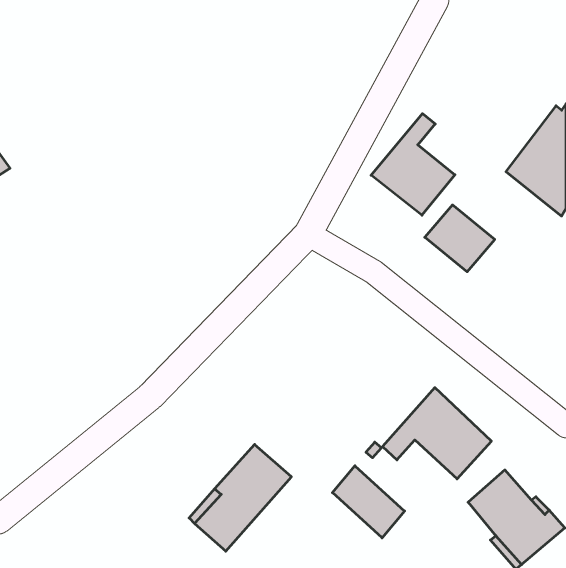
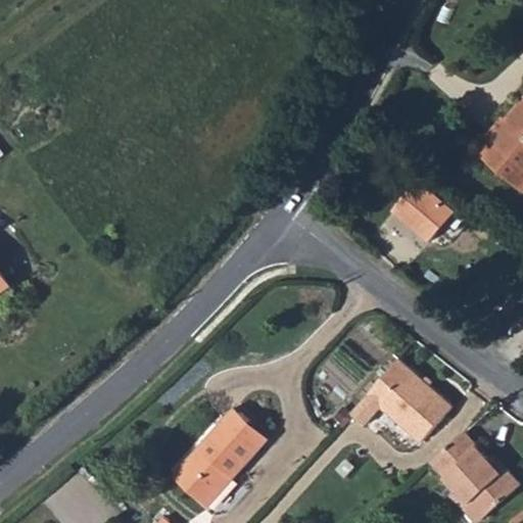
building: [371,114,455,215] -> none
building: [332,466,405,538] -> none

